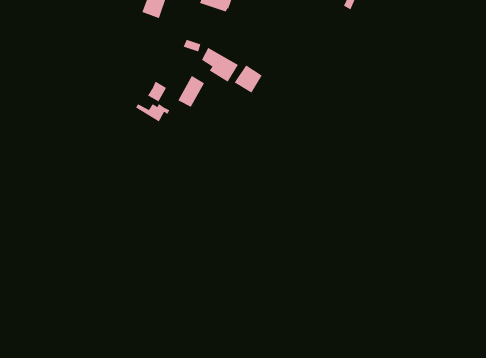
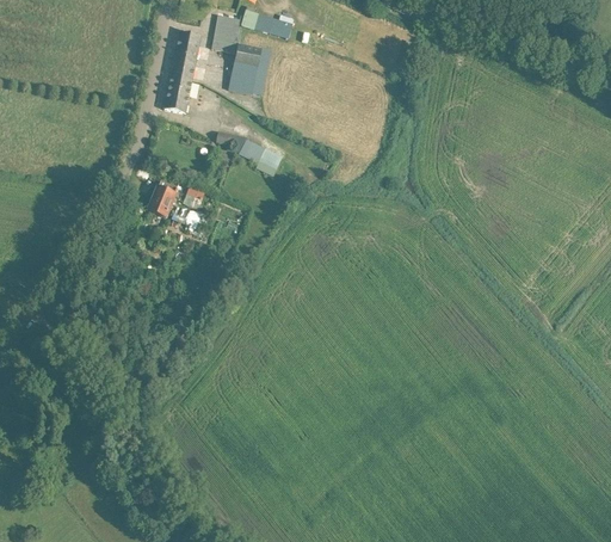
building: [234,64,263,94] -> none
building: [178,75,205,108] -> [148,180,177,217]

